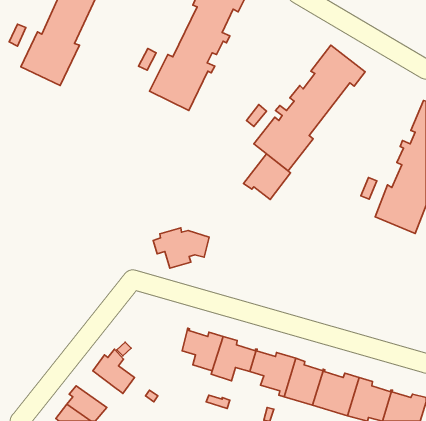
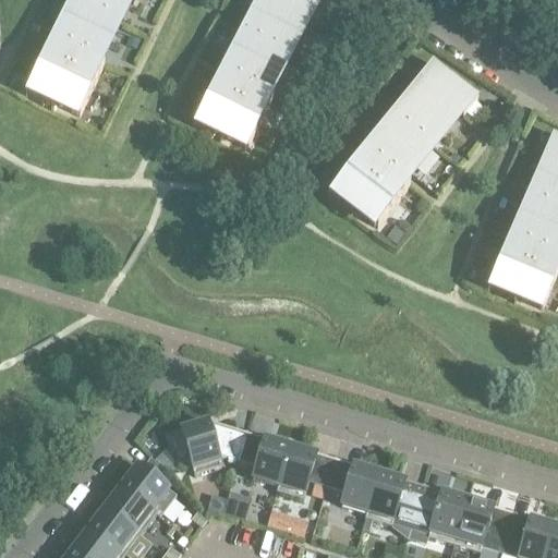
building: [244,154,291,200] -> none
building: [153,228,209,268] -> [171,418,244,471]
building: none -> [99,483,156,531]

